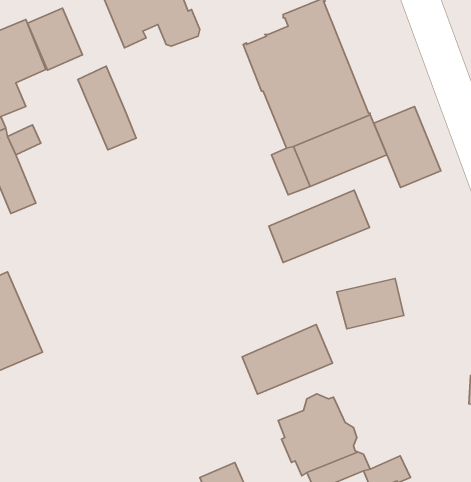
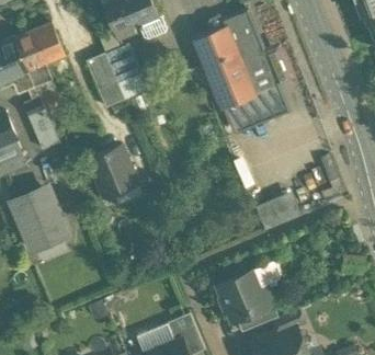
building: [27,8,83,70] -> [105,43,141,83]
building: [374,107,441,187] -> none
building: [269,190,370,263] -> none
building: none -> [88,145,138,197]
building: [242,325,333,394] -> none

